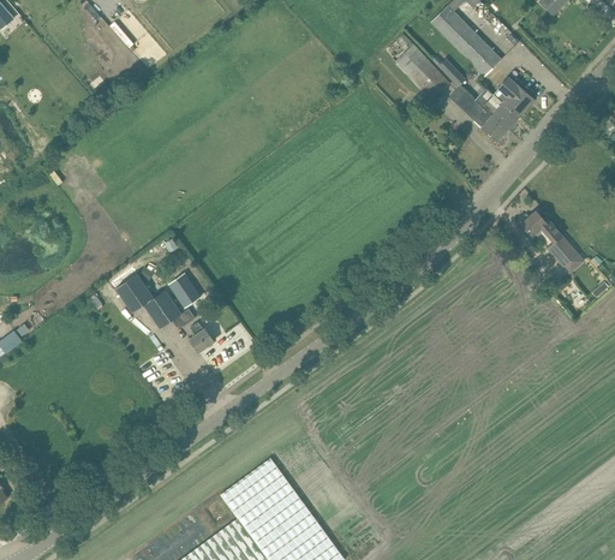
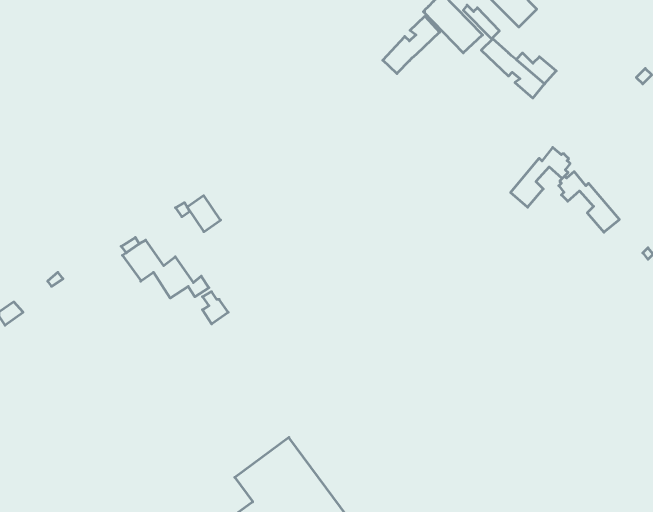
building: none -> [383,16,440,74]
building: [492,77,533,117] -> none
building: none -> [511,147,570,207]
building: [169,274,201,308] -> [187,196,221,232]

